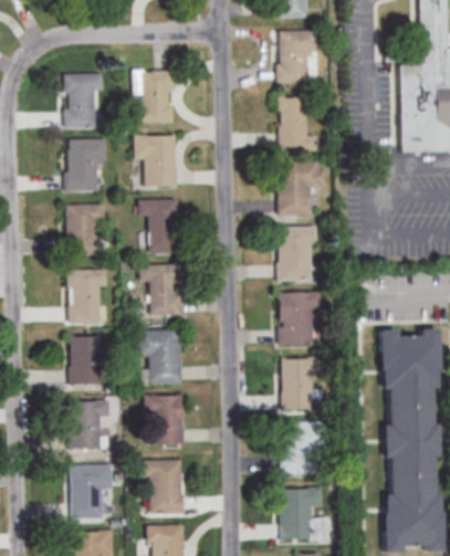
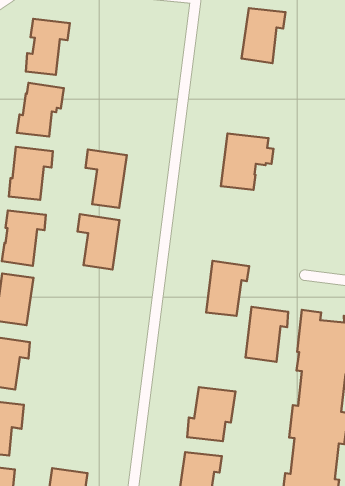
building: [132,70,174,122] -> none
building: [280,95,318,150] -> none
building: [133,135,175,187] -> none
building: [278,227,315,280] -> none
building: [136,331,178,382] -> none
building: [279,358,317,410] -> [245,307,288,362]
building: [140,395,182,447] -> none
building: [139,461,181,513] -> none

